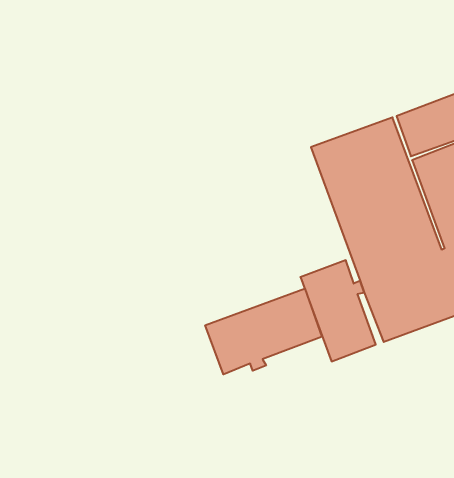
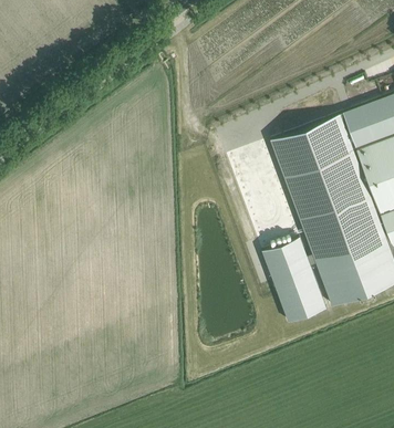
building: [205,289,322,374] -> none

